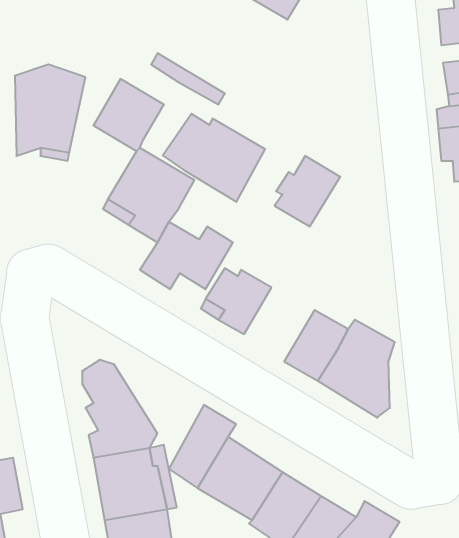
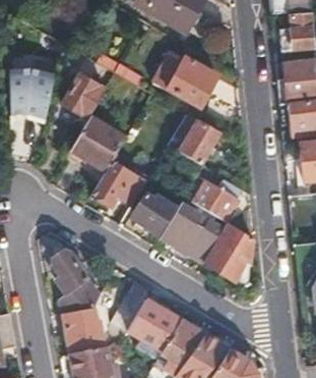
building: [163,114,265,202] -> [153,58,218,114]
building: none -> [192,173,241,221]
building: none -> [160,205,202,251]

